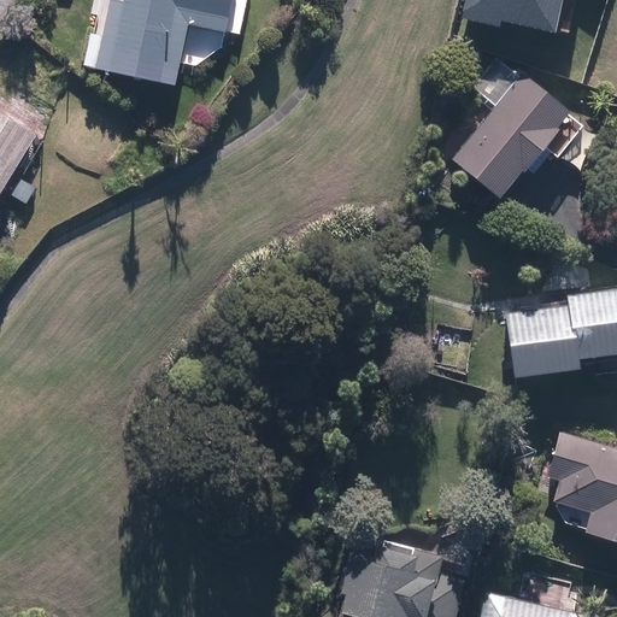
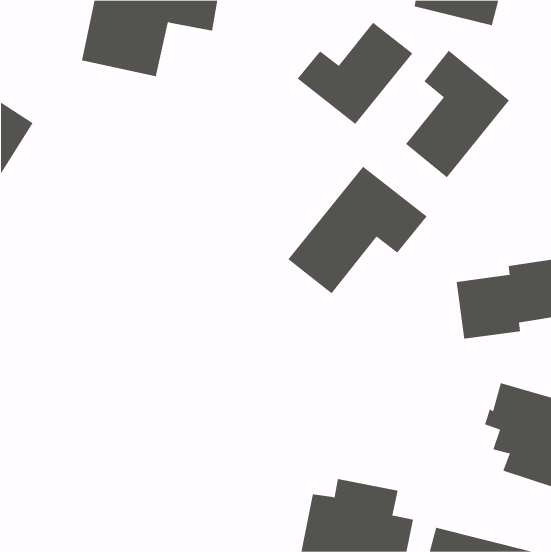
building: none -> [297,22,413,125]
building: none -> [288,166,428,294]

